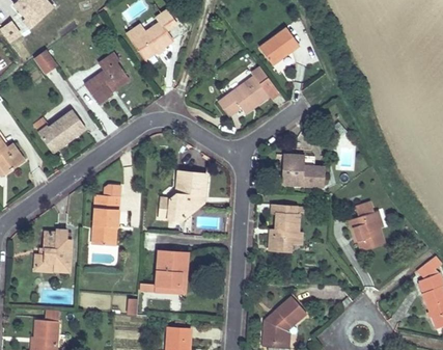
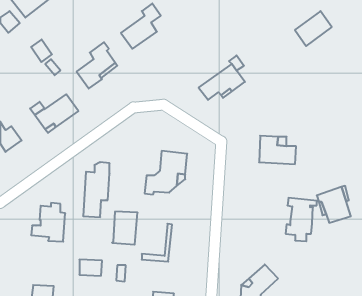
building: [258,28,299,66] -> [295,11,332,46]
building: [269,205,303,252] -> [286,198,317,241]
building: [156,251,184,288] -> [112,212,138,245]

